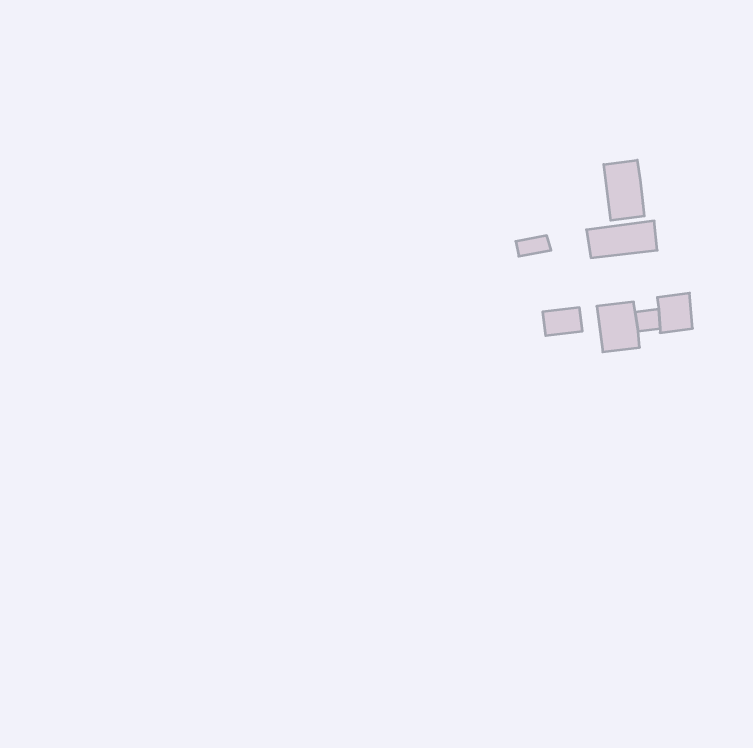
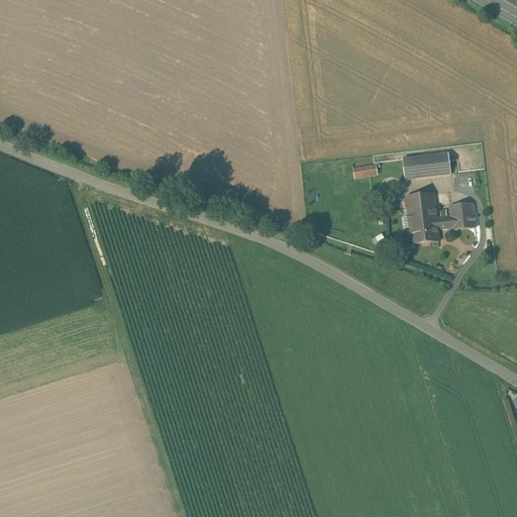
building: [604,160,644,220] -> none
building: [543,308,582,336] -> [407,191,434,210]

